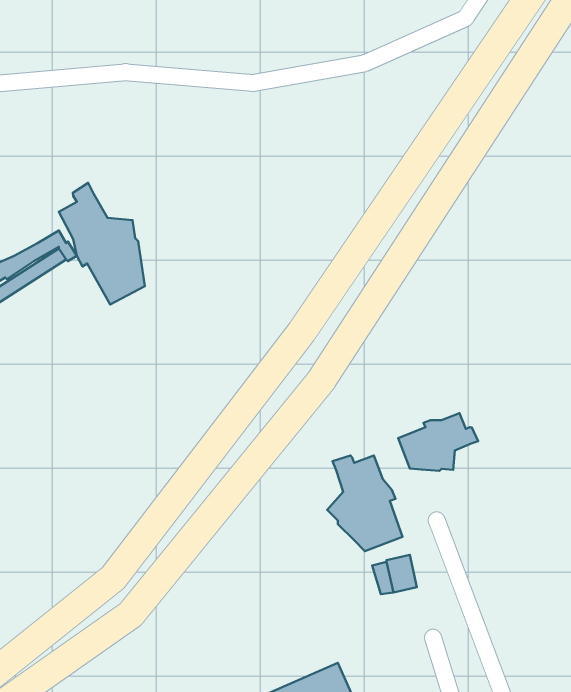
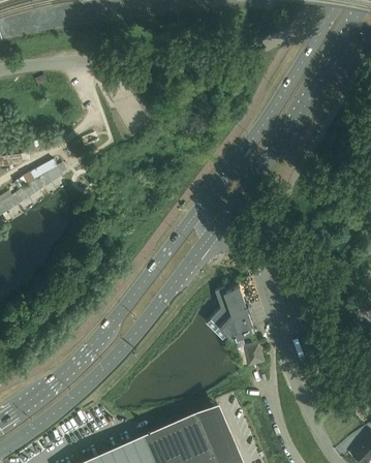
building: [59,183,145,305] -> none
building: [398,413,478,471] -> none

